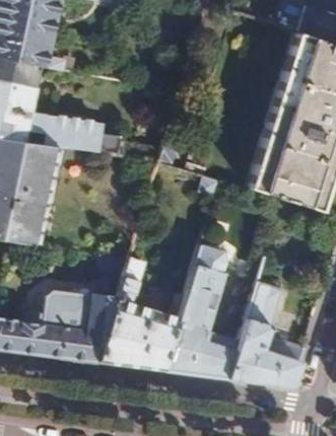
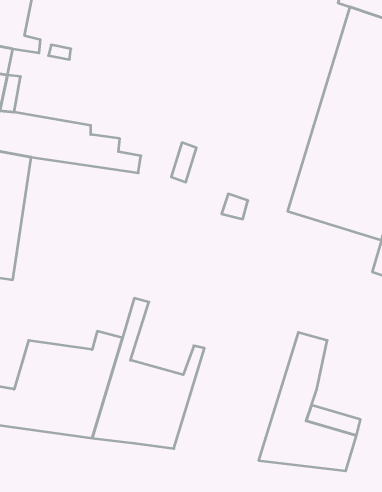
building: [161,244,239,380] -> none

